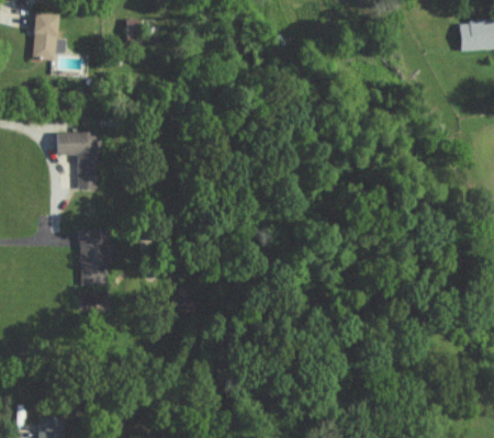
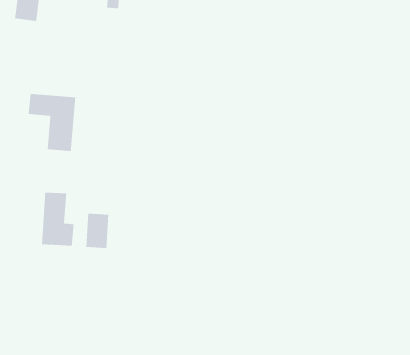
building: none -> [85,213,109,249]

